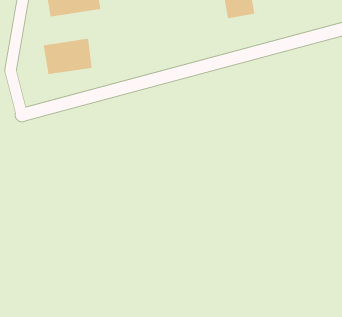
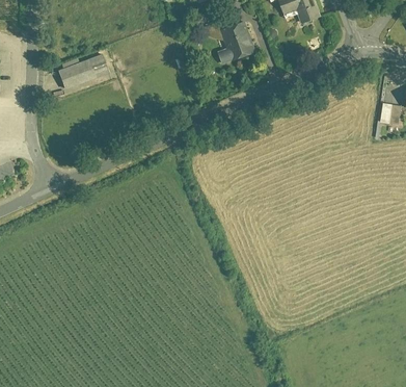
building: [43,38,92,75] -> none

